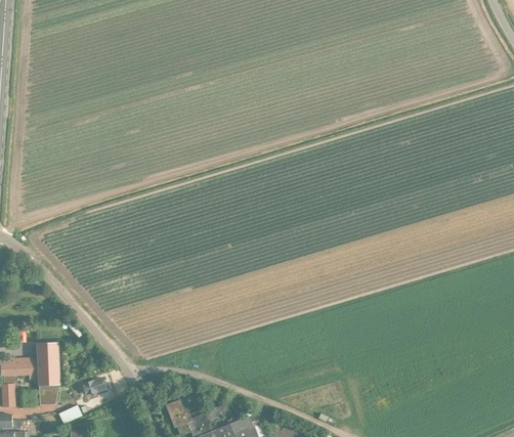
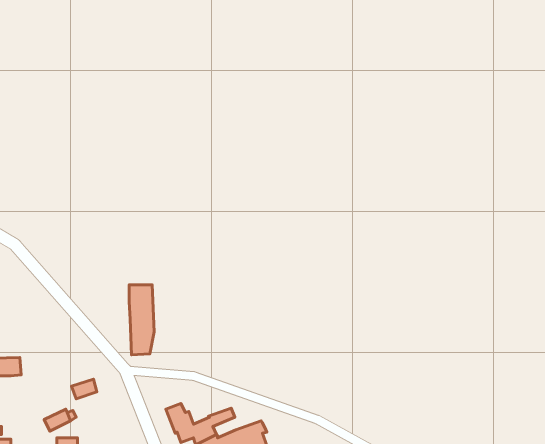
building: [37,343,59,405] -> [129,285,154,355]

